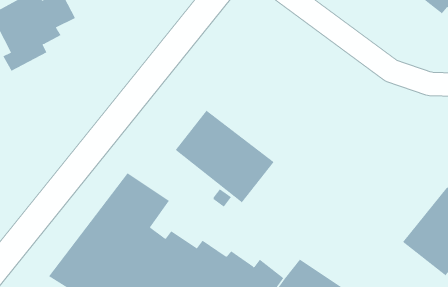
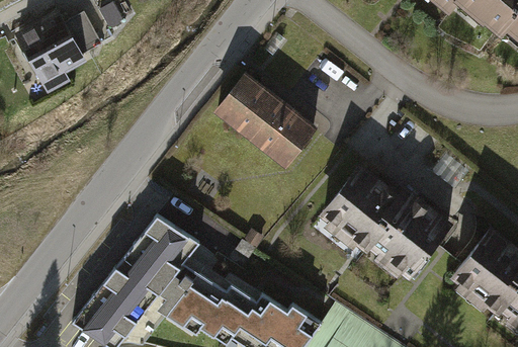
building: [175,110,275,203] -> [214,71,321,170]
building: none -> [320,167,452,282]

